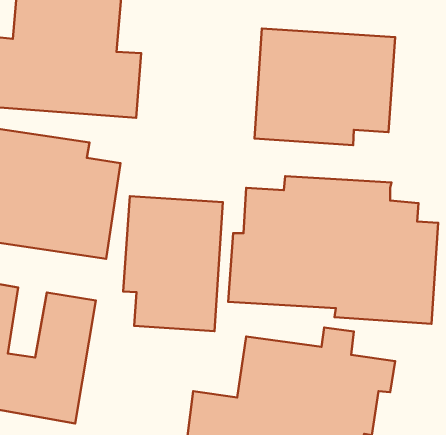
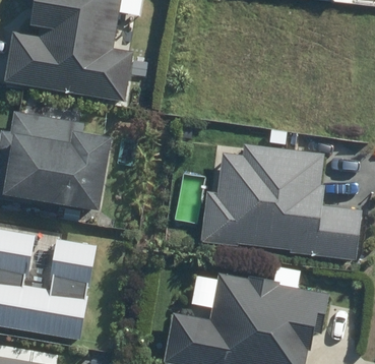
building: [255,28,395,145] -> none
building: [123,196,223,331] -> none

